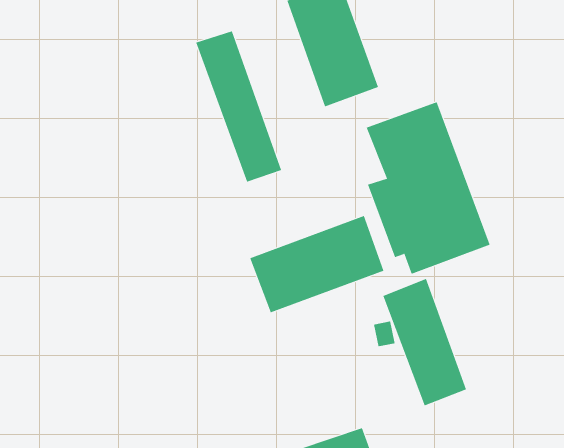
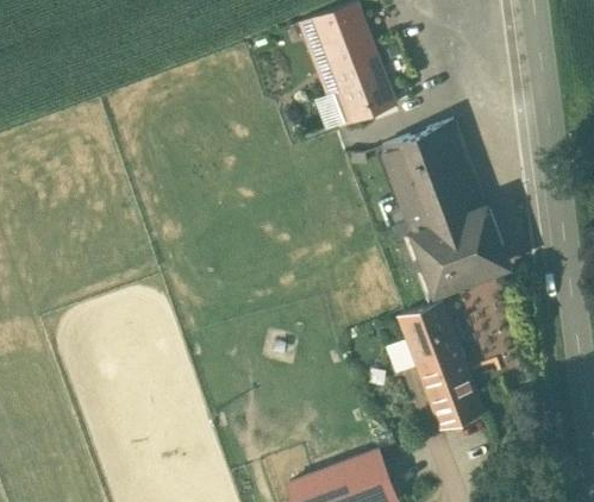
building: [195,31,282,182] -> none
building: [249,215,384,313] -> none

